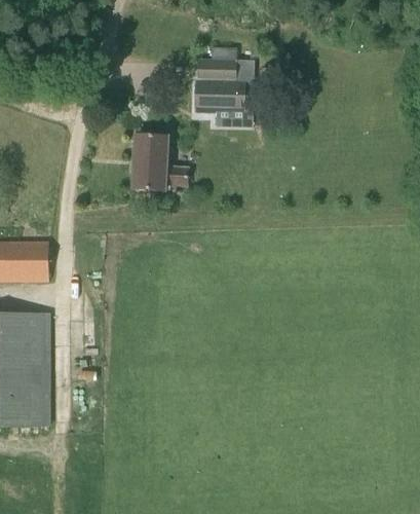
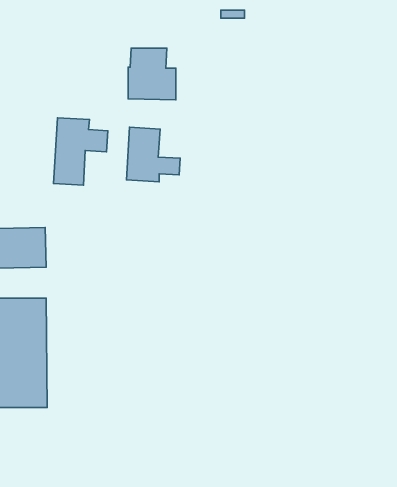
building: [195,58,244,111] -> [128,48,176,100]
building: none -> [53,118,108,185]

